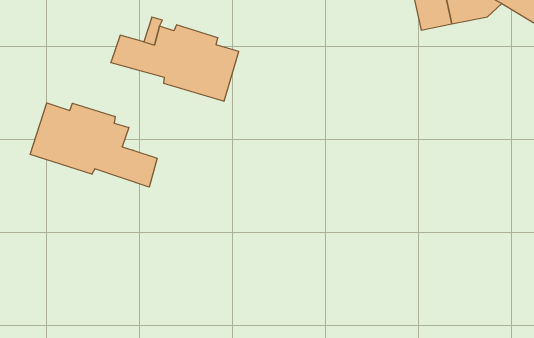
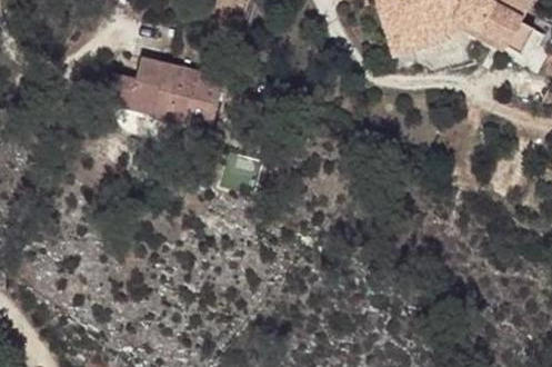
building: [30,103,157,187] -> none

